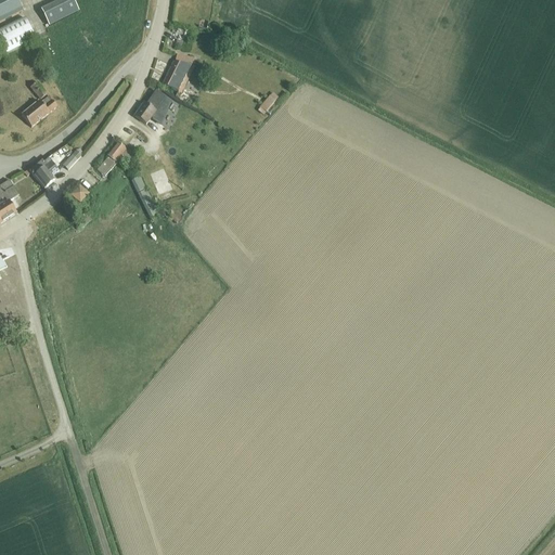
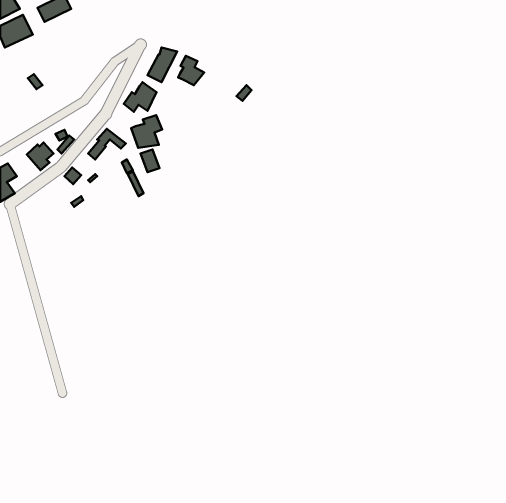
building: none -> [178,56,204,85]
building: [21,94,57,126] -> none
building: none -> [131,115,162,148]

